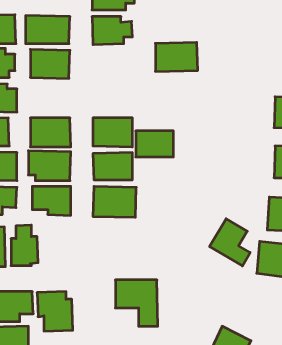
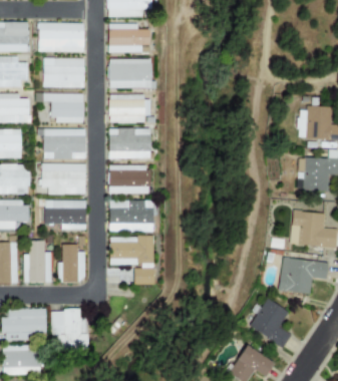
building: [155,42,198,71] -> [109,58,153,88]
building: none -> [44,93,84,121]
building: [136,131,173,157] -> [109,95,148,122]
building: [210,219,250,266] -> [250,298,292,347]
building: none -> [58,244,85,282]
building: [115,280,158,326] -> [110,236,154,284]

